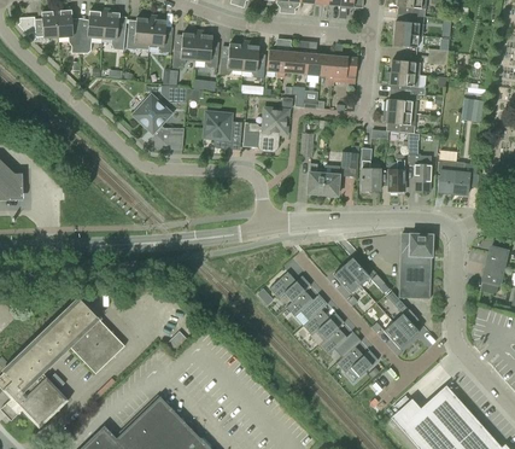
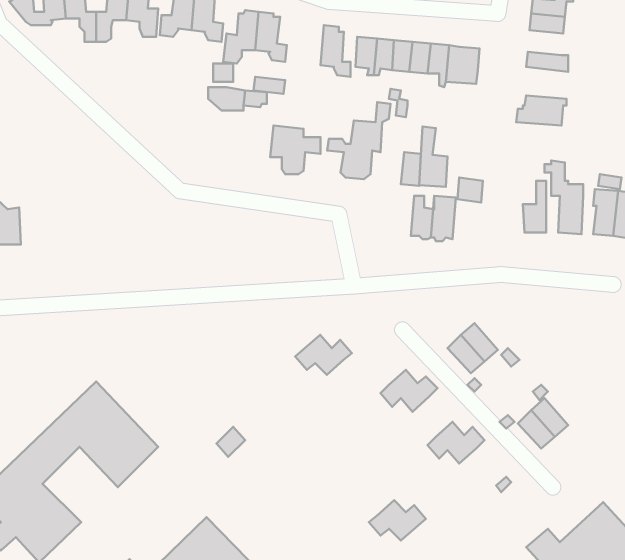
building: [218,41,244,75] -> none
building: [385,71,420,94] -> none
building: [136,98,169,147] -> none
building: [381,111,415,133] -> none
building: [359,147,380,191] -> [419,126,448,187]
building: [399,234,432,299] -> none
building: [268,272,309,301] -> [295,335,352,375]
building: [302,309,343,338] -> none
building: [335,346,376,375] -> [369,500,426,540]

